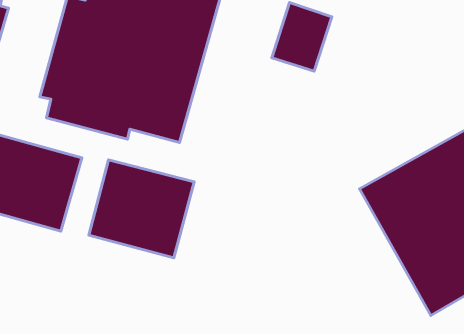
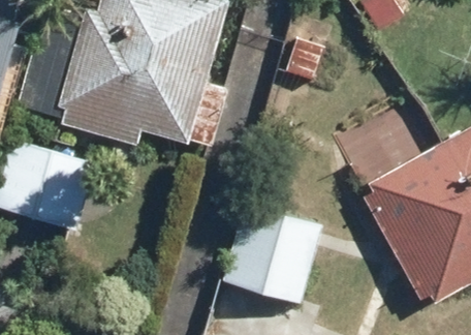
building: [89,160,194,258] -> none
building: none -> [222,201,324,302]

